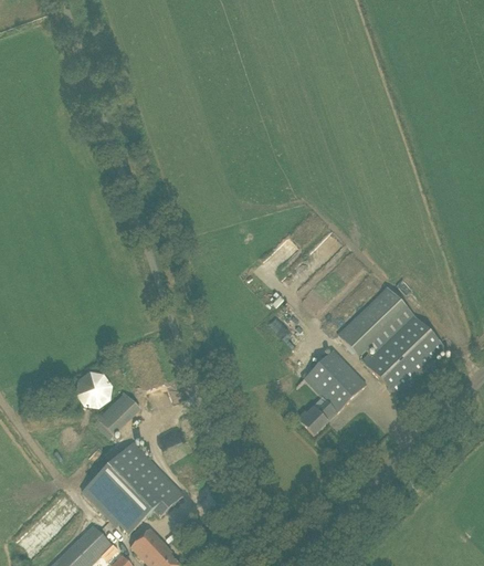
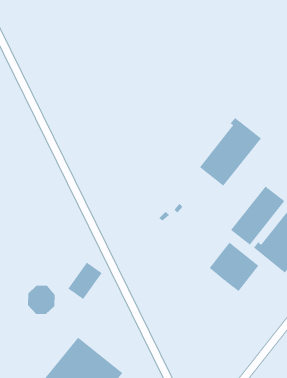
building: none -> [199,117,262,186]
building: [94,390,139,437] -> [67,262,102,300]
building: [298,397,335,436] -> none

